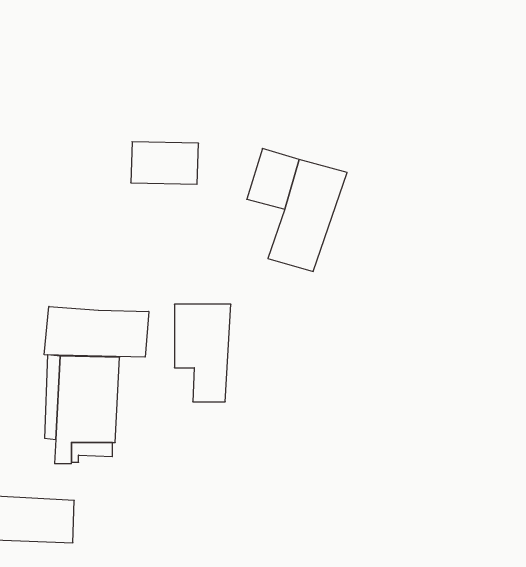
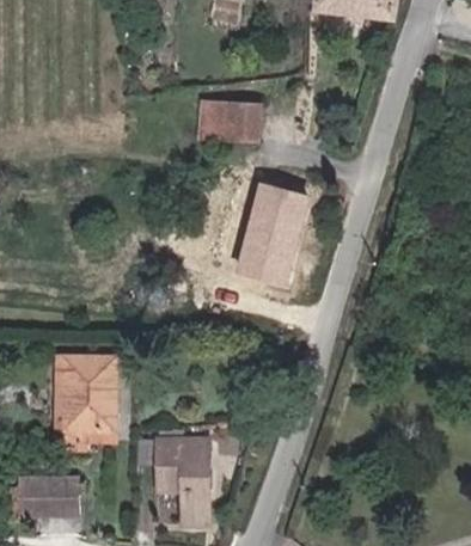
building: [131,142,199,184] -> [204,104,262,140]
building: [174,304,231,402] -> [164,438,212,521]
building: [44,306,149,357] -> none

